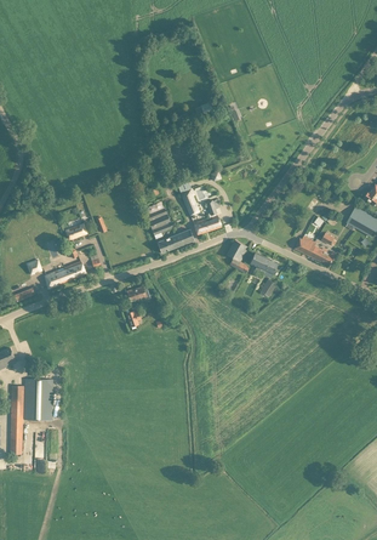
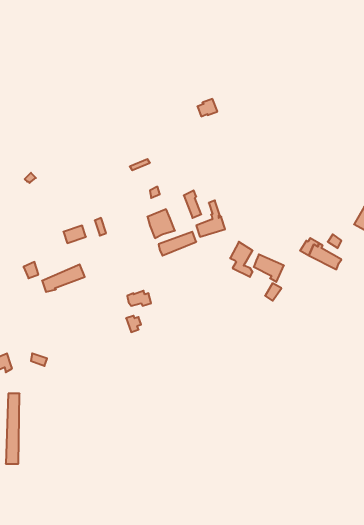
building: [23,379,52,420] -> none

